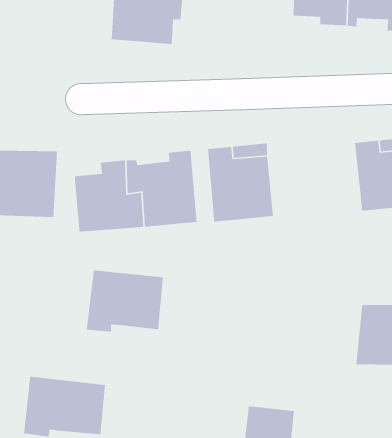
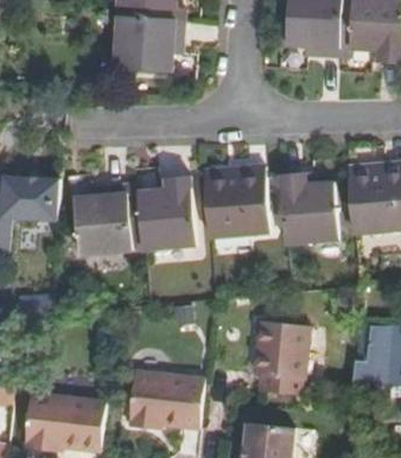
building: none -> [280,173,336,242]
building: [86,269,164,332] -> [129,373,204,433]
building: none -> [249,320,304,395]

